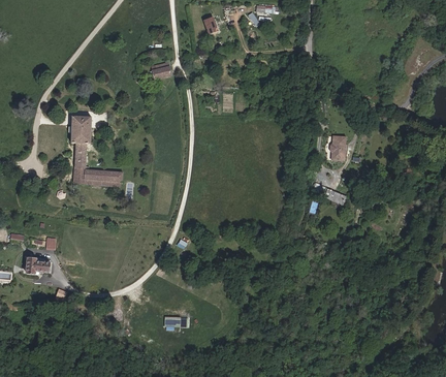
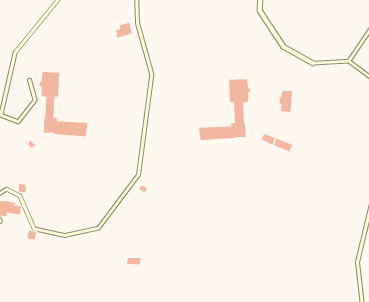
building: none -> [199,78,251,141]

